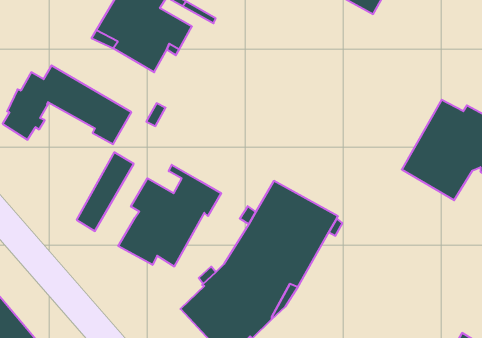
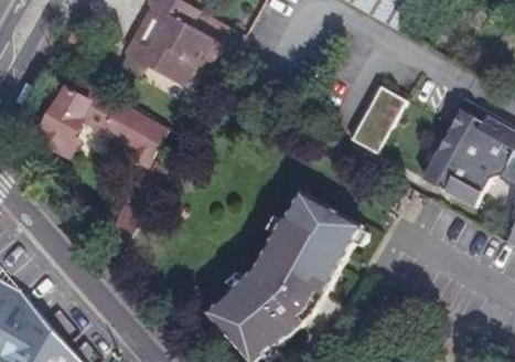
building: none -> [351,87,406,153]
building: [118,165,221,267] -> none

